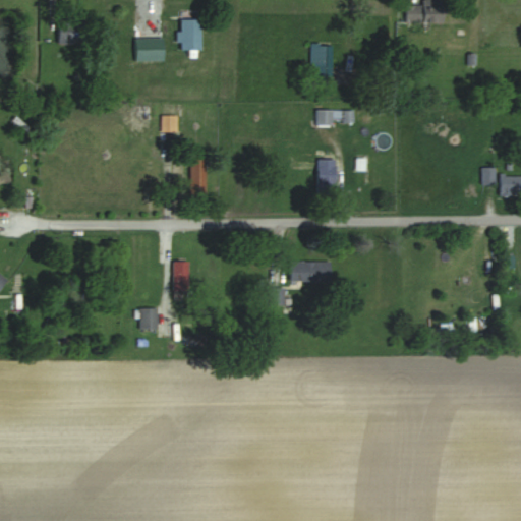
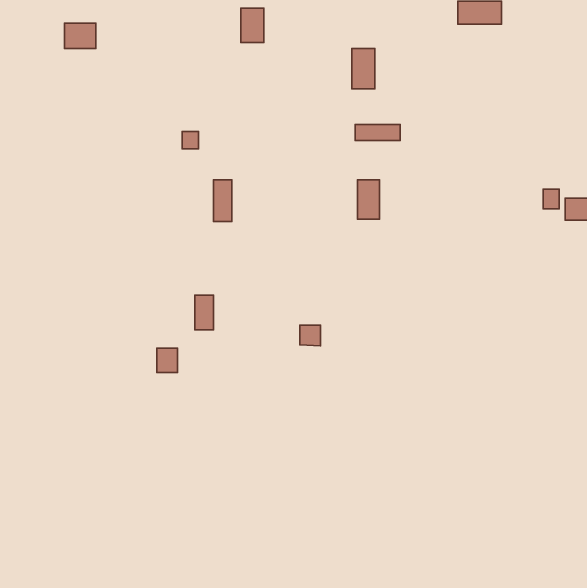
building: [181,19,201,50] -> [241,8,264,43]
building: [135,40,165,61] -> none
building: [292,262,331,282] -> none

